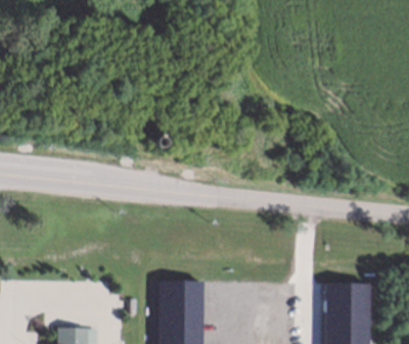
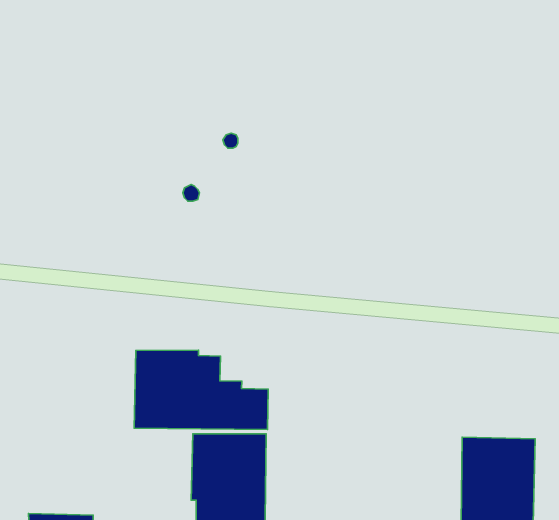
building: none -> [134,350,268,430]

